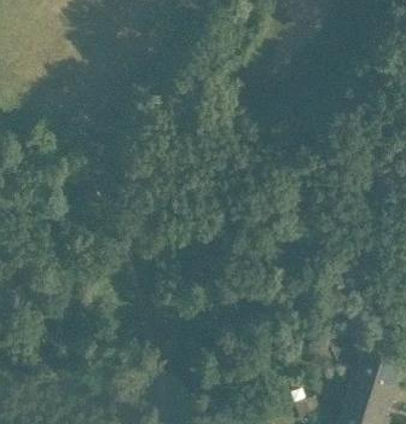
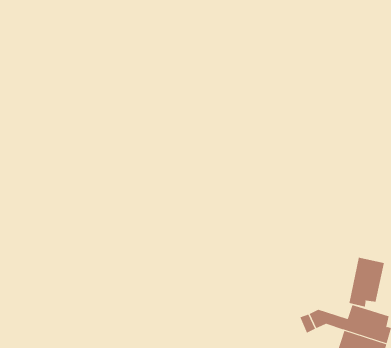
building: none -> [349,257,385,308]

